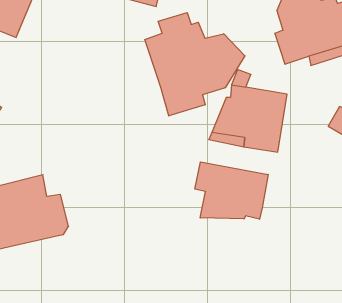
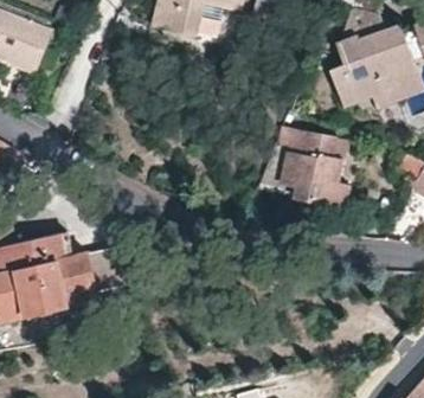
building: [145,13,245,116] -> none
building: [195,162,268,219] -> none

